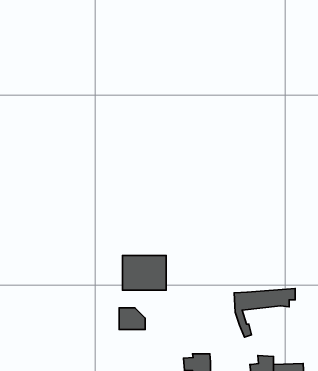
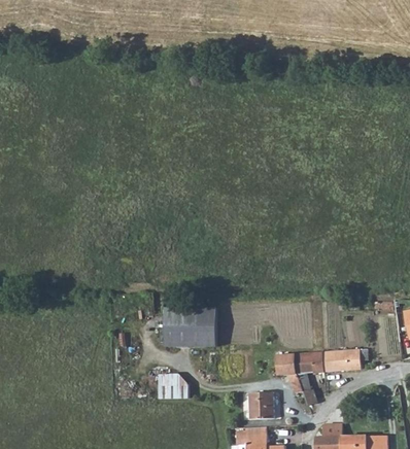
building: none -> [275,352,302,391]
building: none -> [250,390,274,417]

